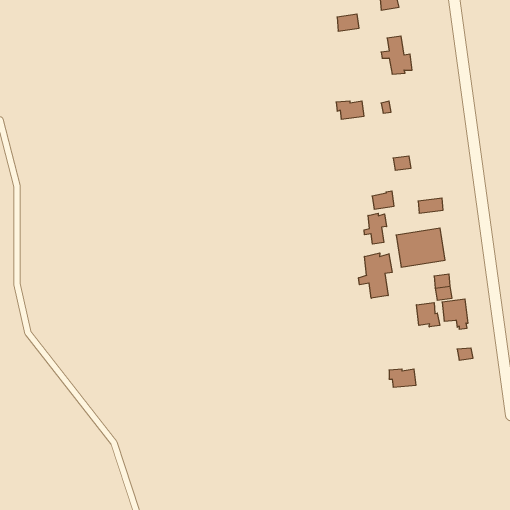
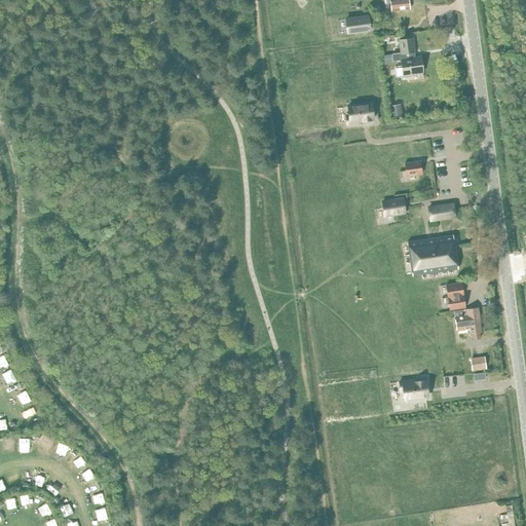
building: [364,213,387,244] -> none
building: [359,253,392,298] -> none
building: [416,303,440,327] -> none

